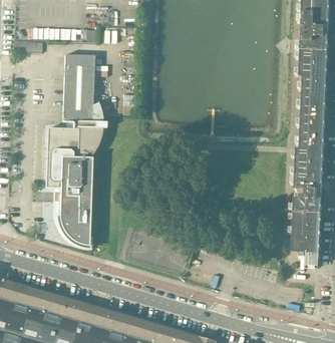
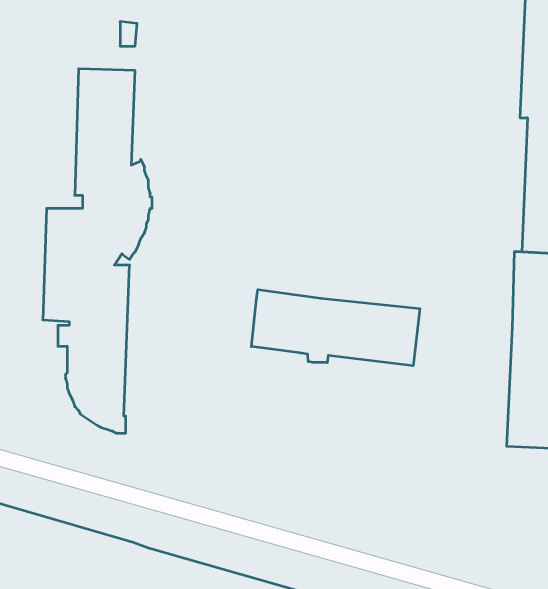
building: none -> [251,290,420,366]

